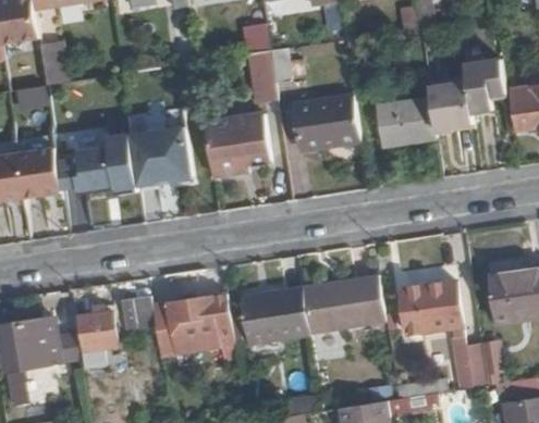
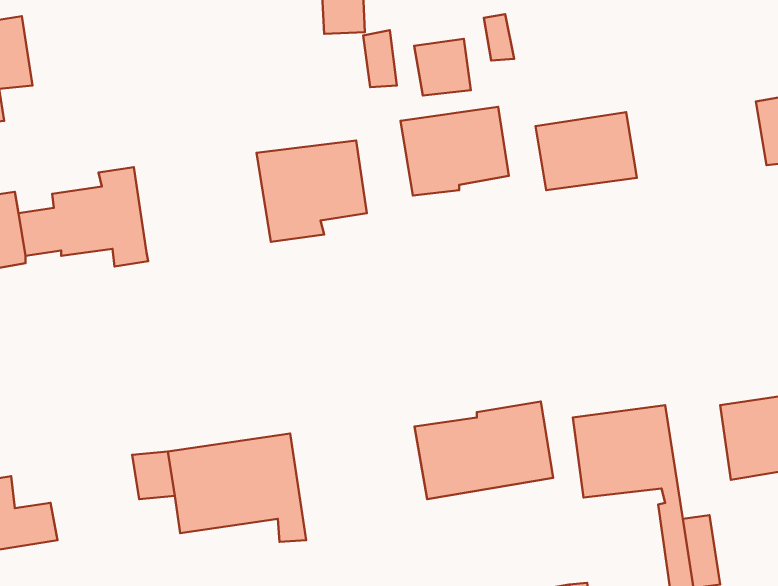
building: [238,51,273,86] -> [414,39,471,96]
building: [429,61,505,130] -> none
building: [127,119,192,184] -> none
building: [240,287,308,344] -> none
building: [77,310,120,351] -> none

